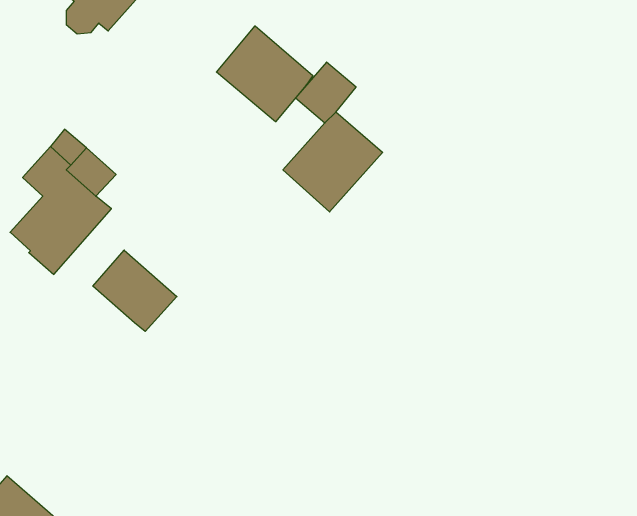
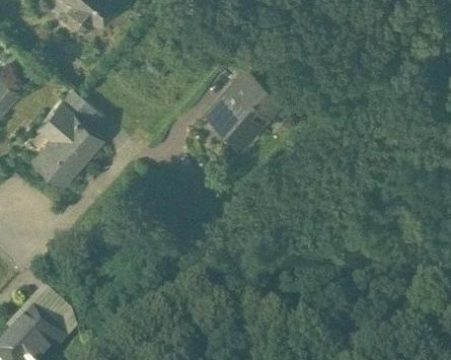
building: [216,26,313,122] -> none
building: [93,250,177,331] -> none

